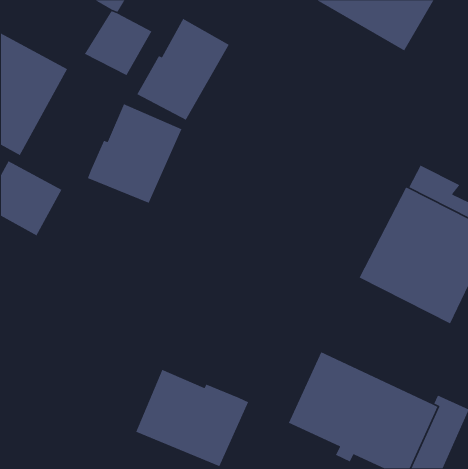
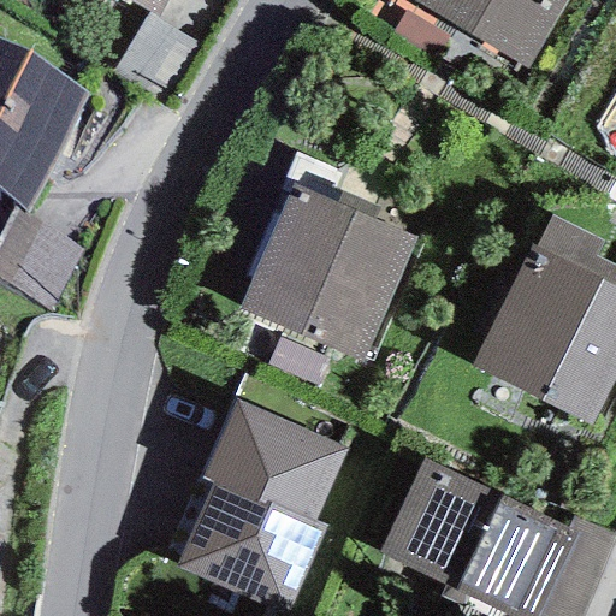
building: [136,18,230,121] -> none
building: [87,103,182,204] -> none
building: none -> [239,183,417,360]
building: none -> [202,399,346,520]

